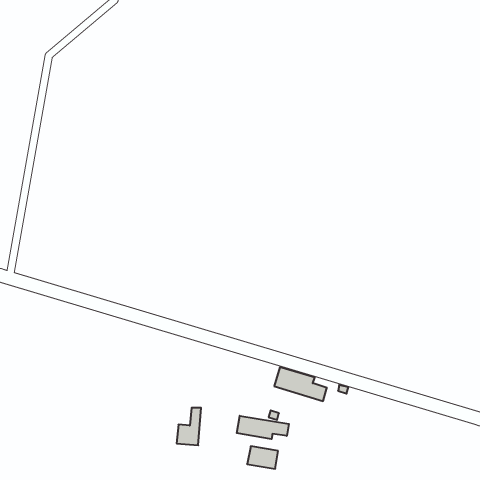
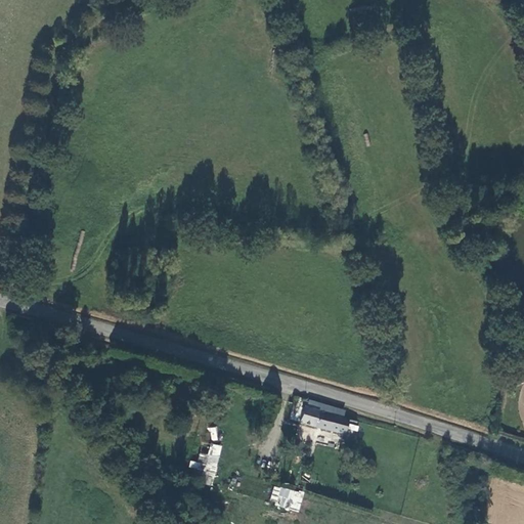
building: [237,416,289,439] -> none

